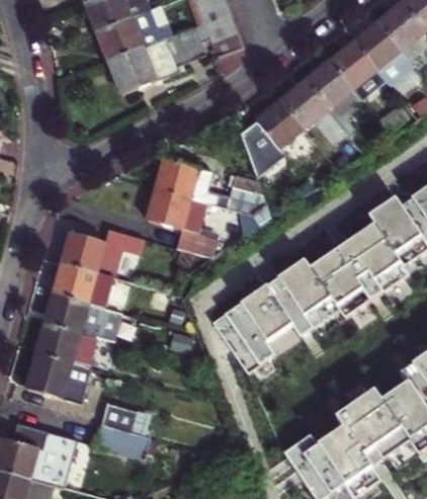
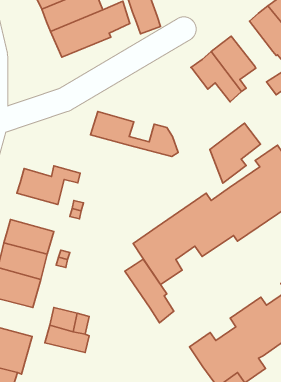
building: [331,41,383,98] -> none
building: [238,101,302,177] -> [210,123,261,183]
building: [146,185,218,249] -> none
building: [53,259,113,307] -> none
building: none -> [125,259,174,323]

